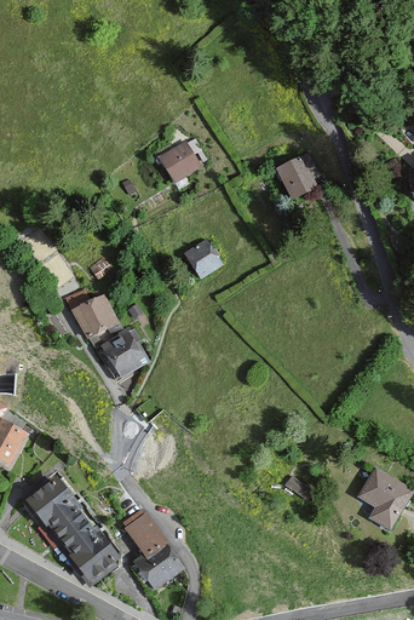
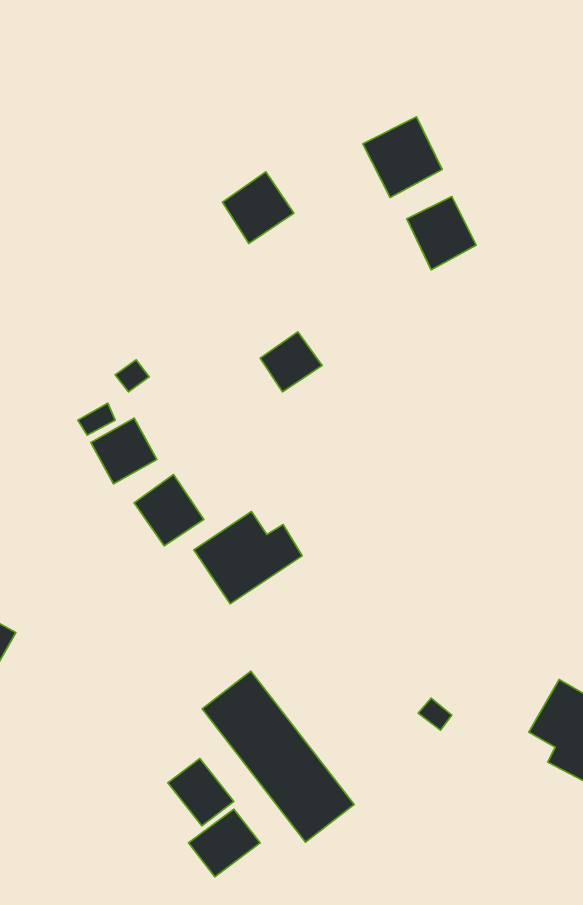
building: none -> [363,117,442,198]
building: none -> [194,511,302,604]
building: [24,476,122,586] -> [202,671,354,842]

